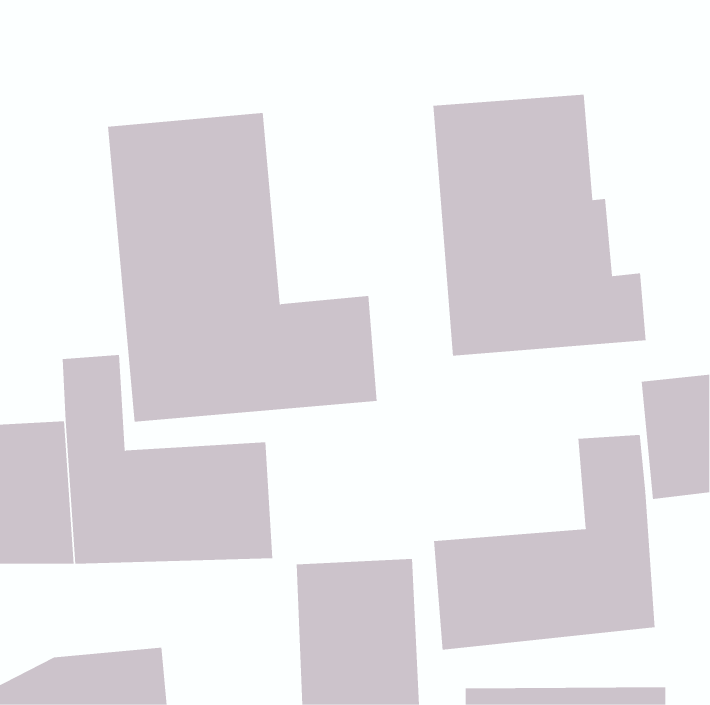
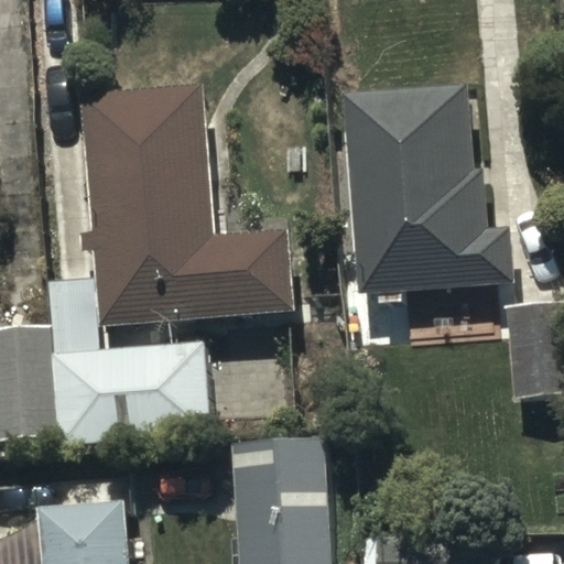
building: [434,434,655,651] -> none

